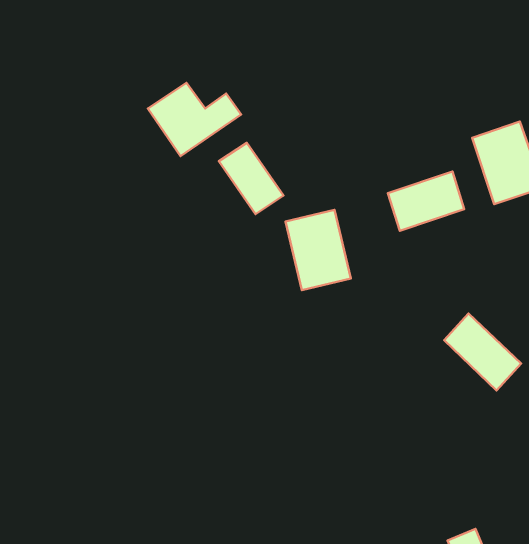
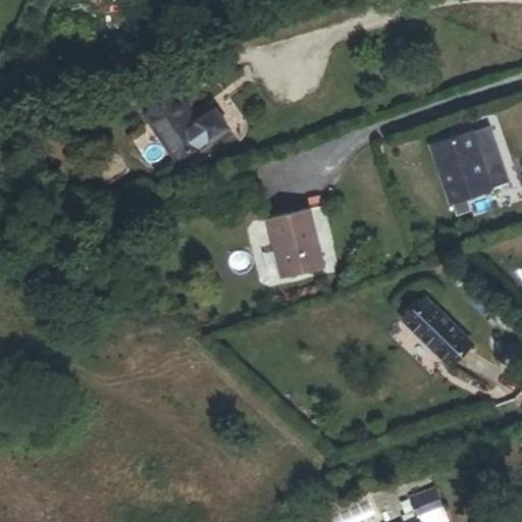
building: [219,143,283,214] -> none
building: [388,172,464,231] -> none

